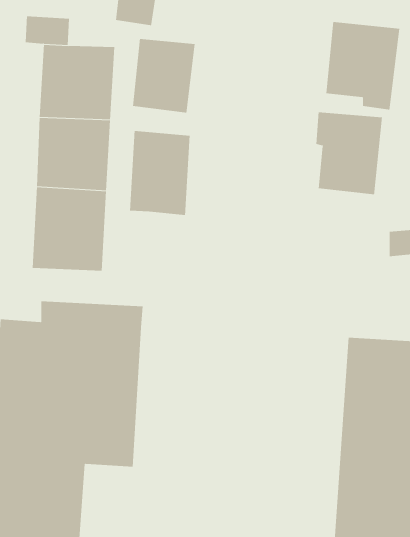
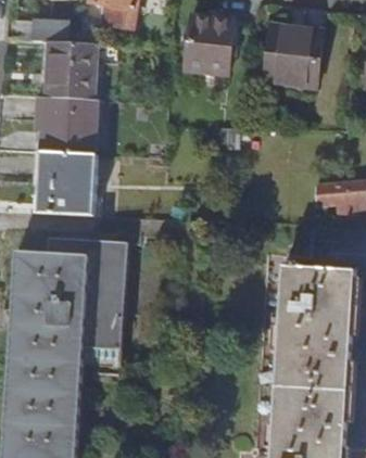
building: [132,38,196,113] -> [186,15,235,73]
building: [316,112,383,195] -> none
building: [129,130,190,216] -> none

